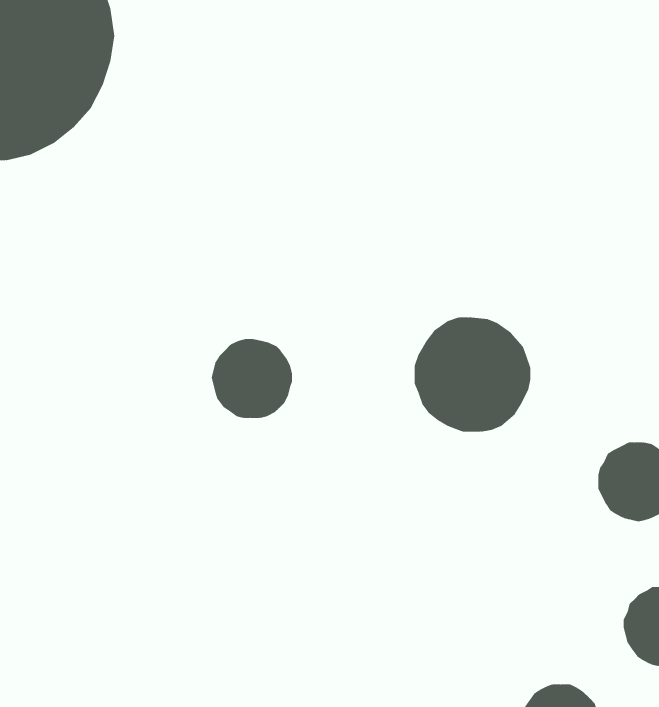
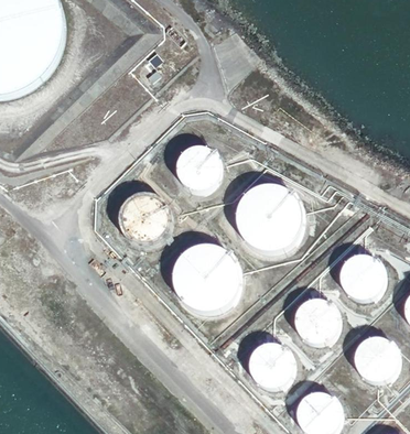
building: none -> [174,147,218,191]
building: none -> [172,243,237,310]
building: none -> [293,297,337,341]
building: none -> [248,341,292,386]

